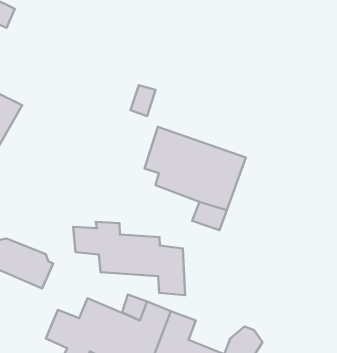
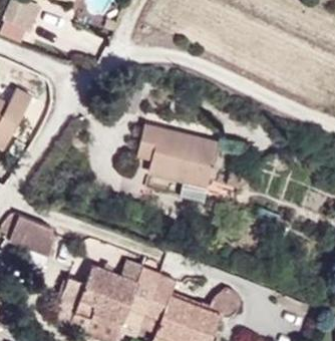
building: [73,222,185,295] -> none

